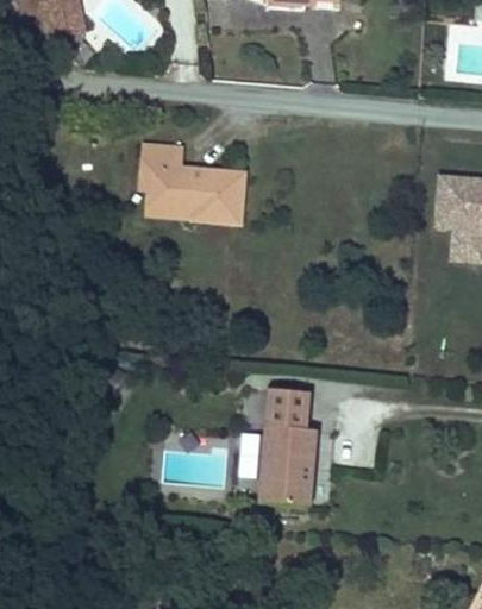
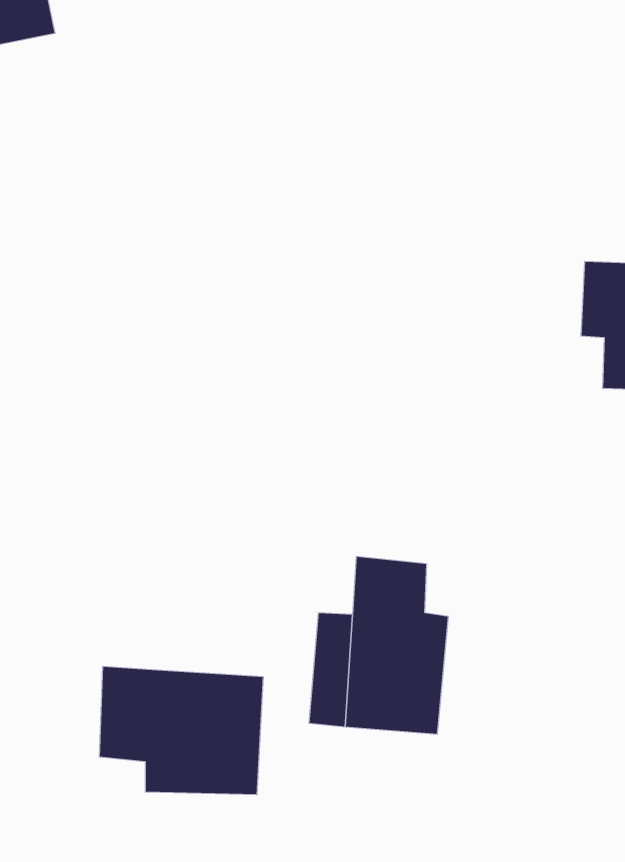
building: [143,142,246,225] -> none
building: none -> [99,666,263,795]

